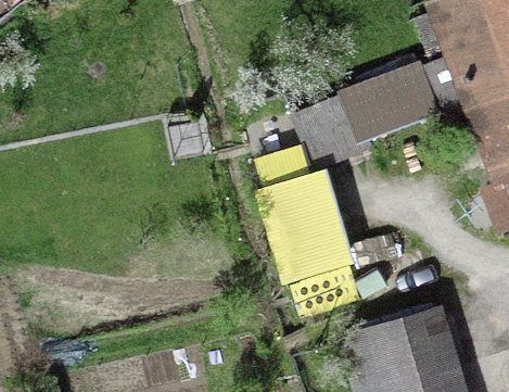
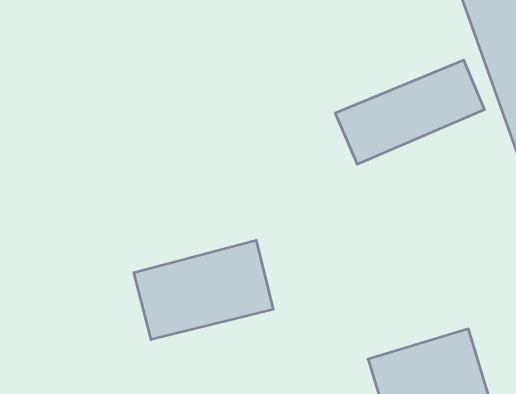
building: [272,173,365,282] -> none
building: none -> [134,240,273,340]

